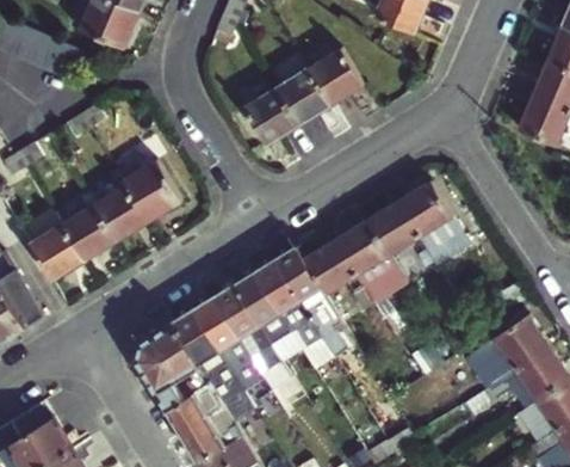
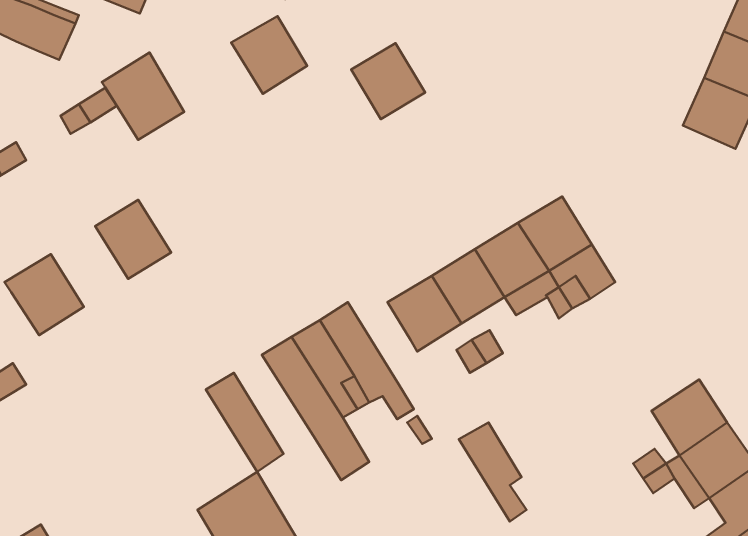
building: [309,49,363,105] -> none
building: [243,88,298,145] -> [231,16,307,94]
building: [120,158,180,221] -> [102,53,184,140]
building: [60,202,116,260] -> none
building: [274,245,323,317] -> [459,423,526,522]
building: [192,295,249,367] -> none
building: [135,320,209,407] -> none

